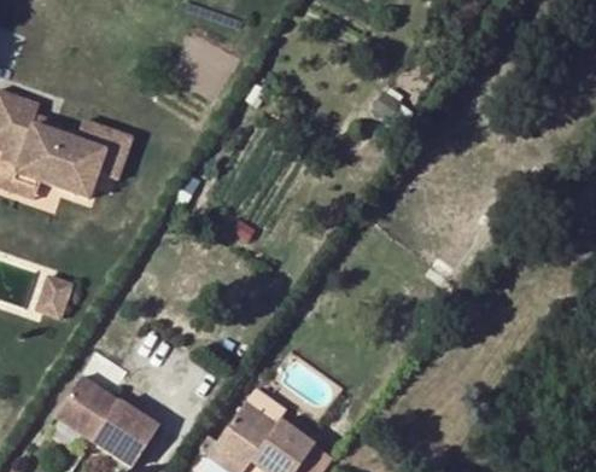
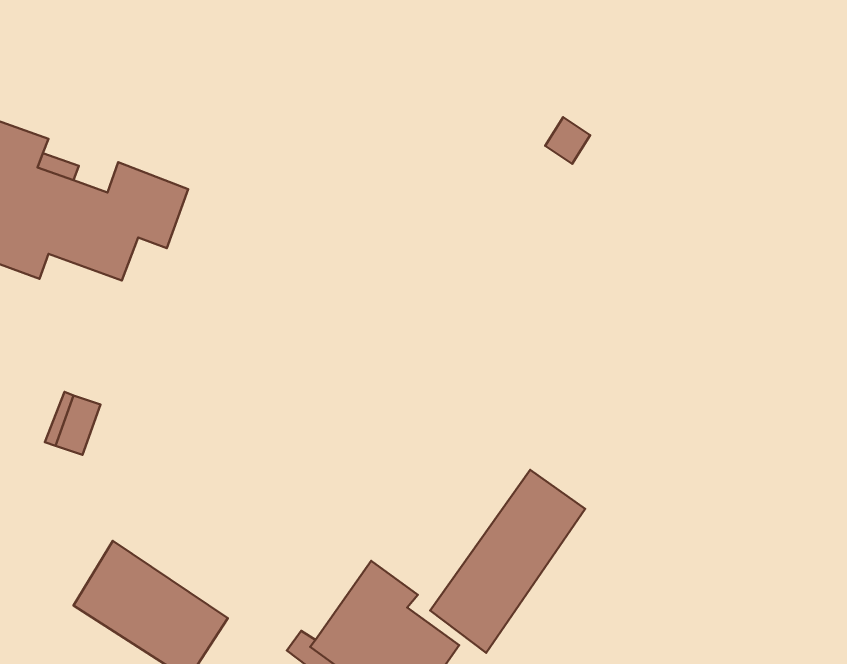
building: none -> [430,470,585,653]

